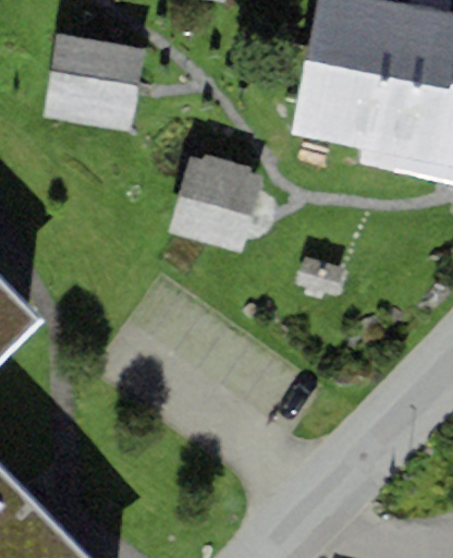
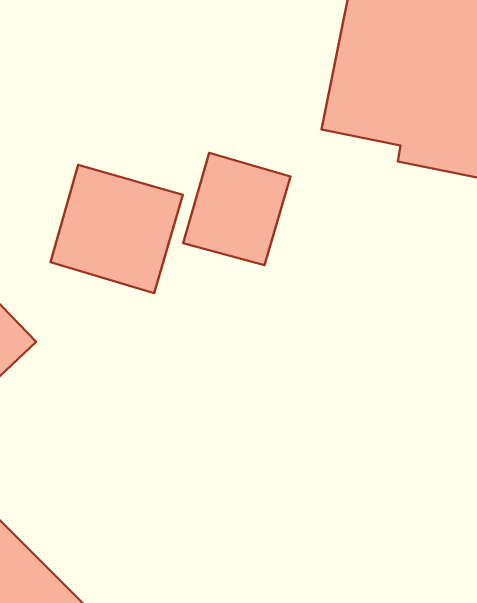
building: [40,33,147,132] -> none
building: none -> [51,165,183,293]

